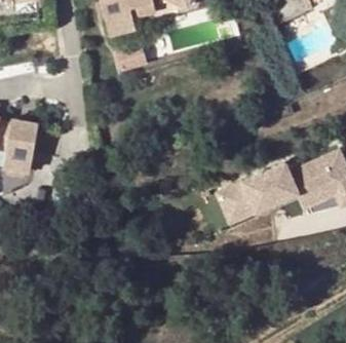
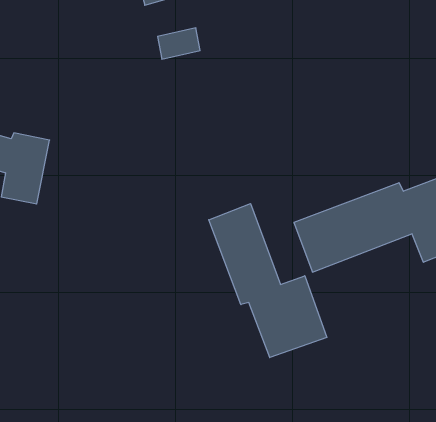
building: none -> [209,204,327,358]

